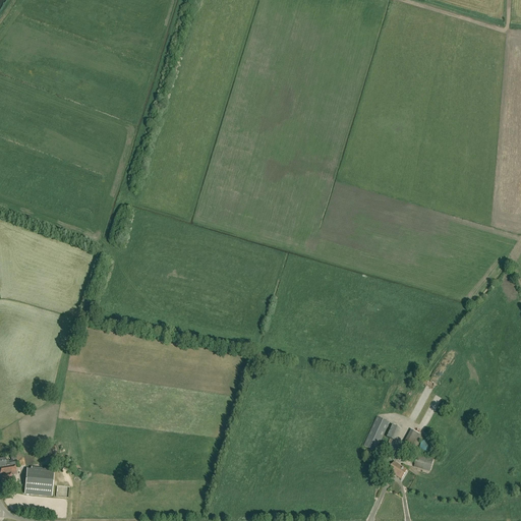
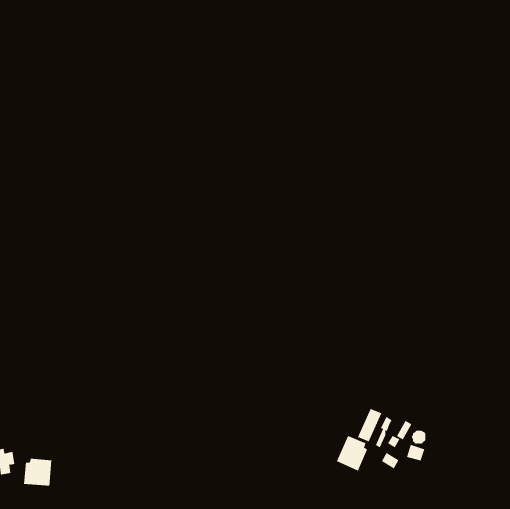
building: none -> [336,435,368,472]

